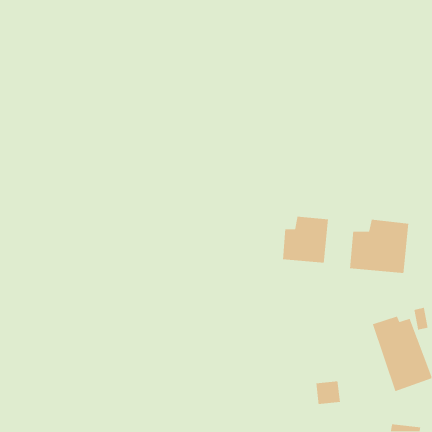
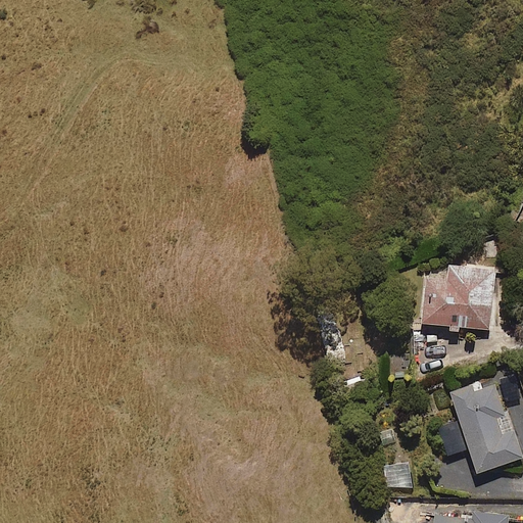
building: [282,216,329,263] -> none

